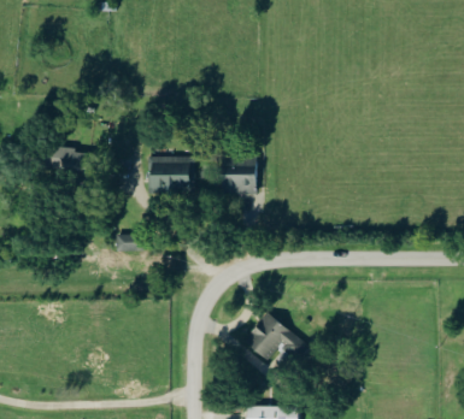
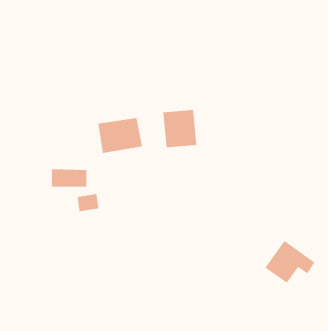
building: [45,146,87,171] -> [51,169,87,187]
building: [243,312,300,360] -> [265,240,315,283]

